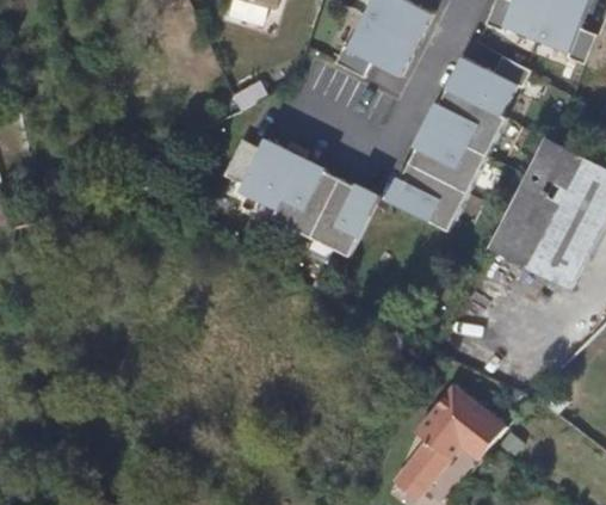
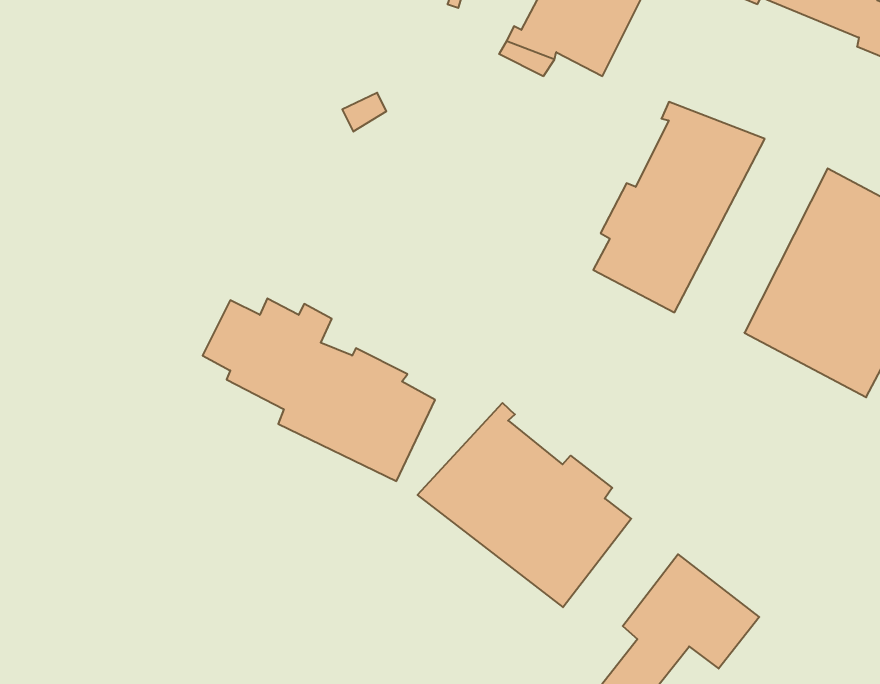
building: [444,56,528,118] -> none
building: [224,137,375,255] -> [203,298,435,481]
building: none -> [418,403,631,607]

